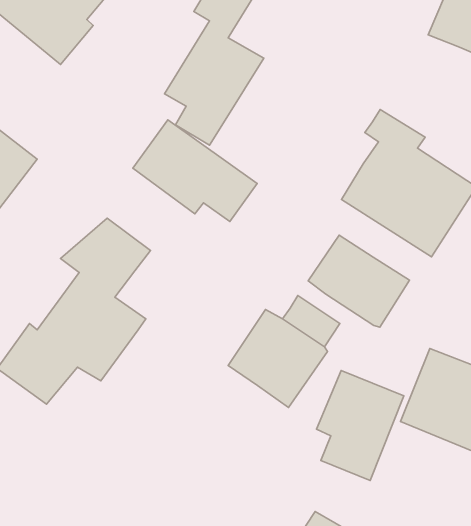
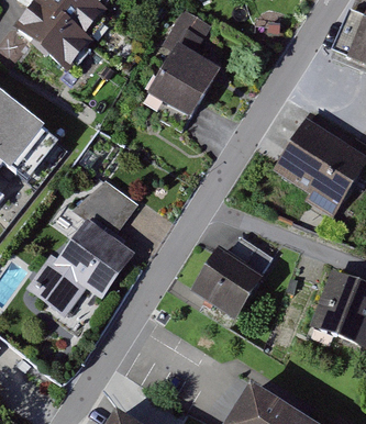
building: [133,120,257,222] -> none
building: [308,235,410,327] -> none
building: [317,371,404,480] -> none

